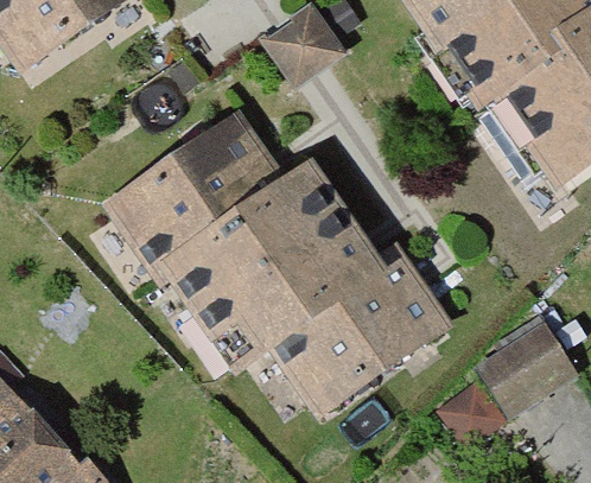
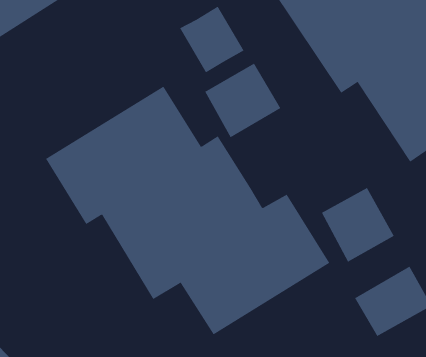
building: none -> [205,63,281,138]
building: none -> [321,187,395,262]

